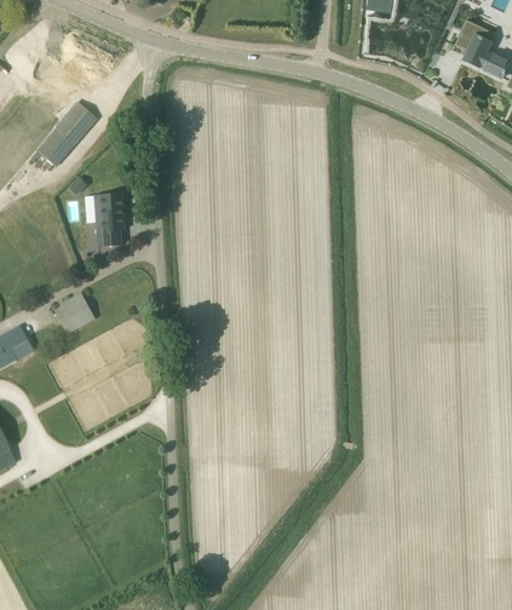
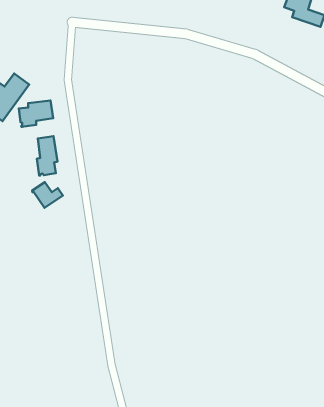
building: none -> [19,101,53,127]
building: [52,298,93,333] -> [32,182,63,208]

